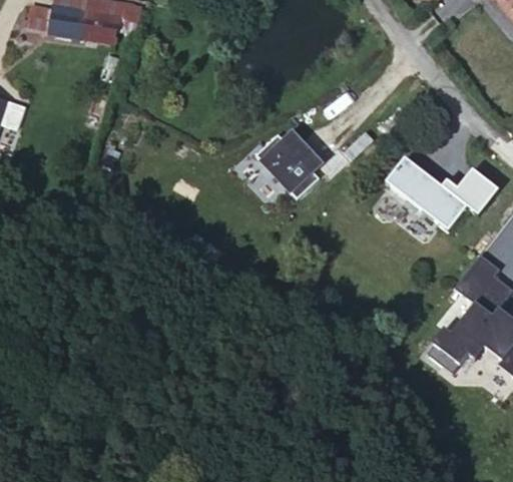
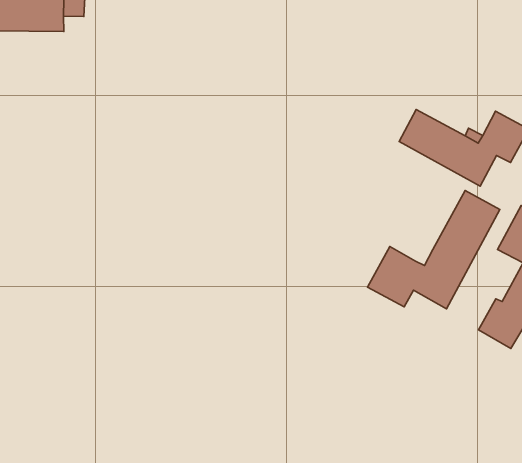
building: [254,130,322,198] -> none
building: none -> [368,191,500,309]

